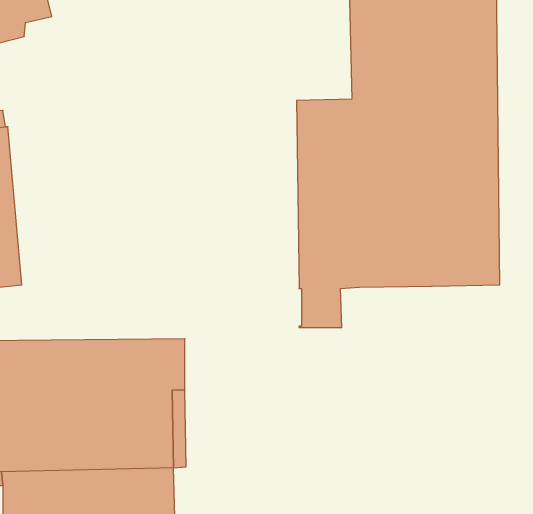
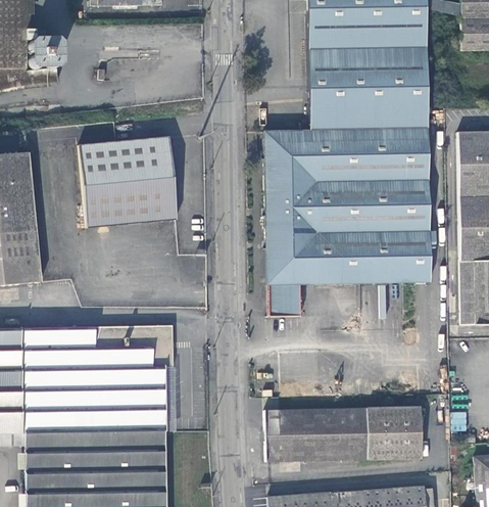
building: none -> [80,137,177,228]
building: none -> [264,407,422,461]

